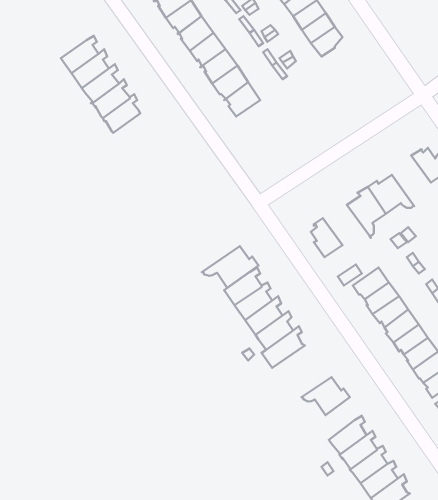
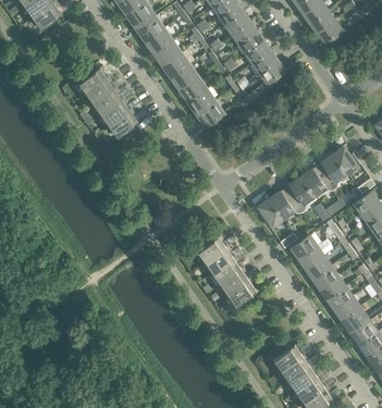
building: none -> [318,153,346,190]
building: none -> [268,189,303,219]
building: [202,246,259,288] -> none
building: [301,377,350,415] -> none

